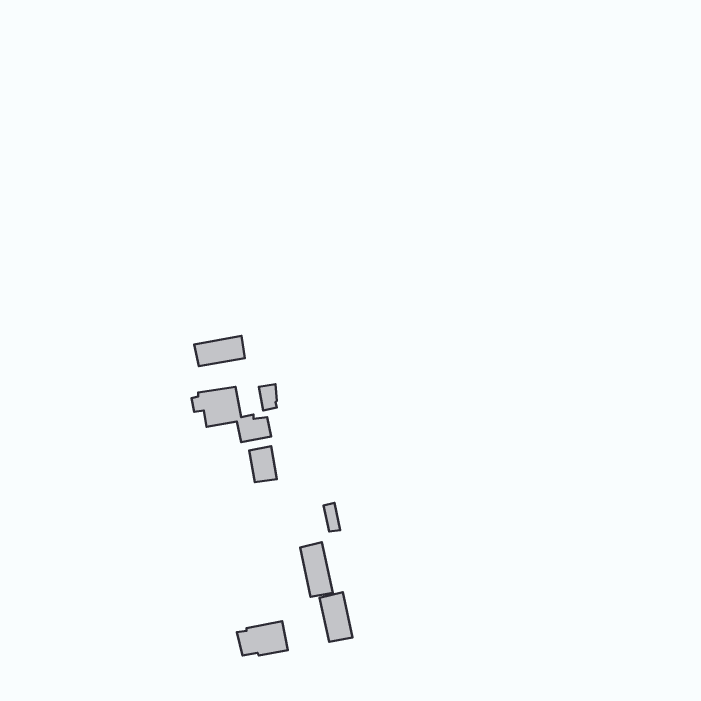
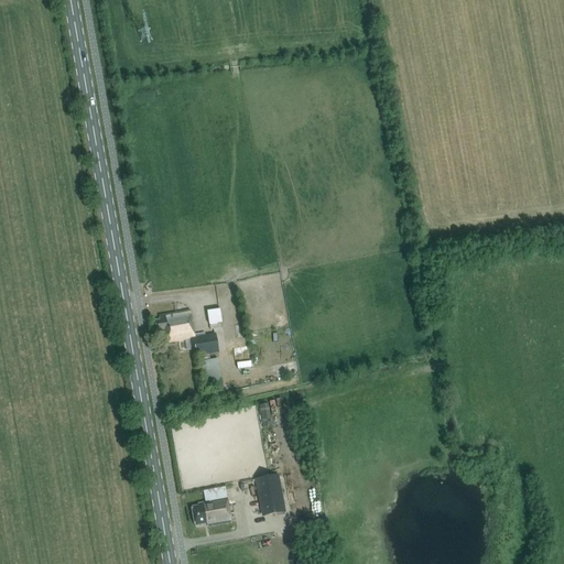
building: [194,336,245,366] -> none
building: [300,542,333,597] -> none

